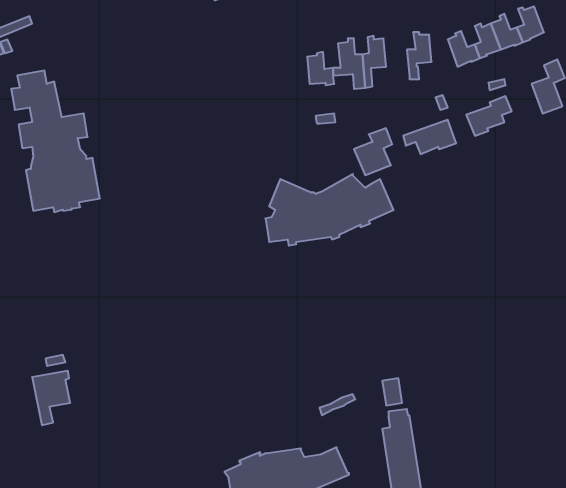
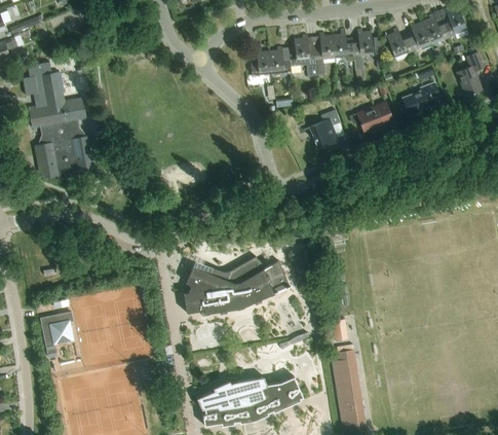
building: none -> [333,31,354,67]
building: none -> [251,48,271,76]
building: [265,174,394,246] -> [183,256,290,316]

